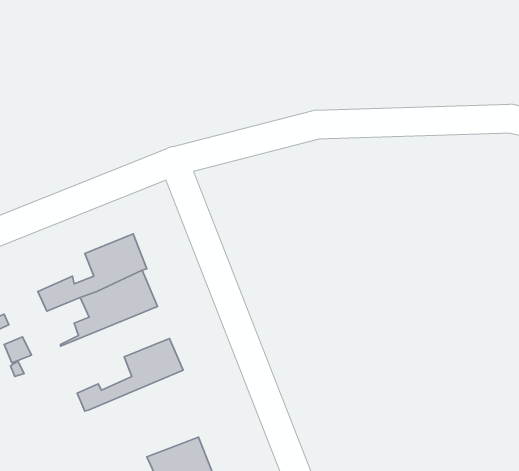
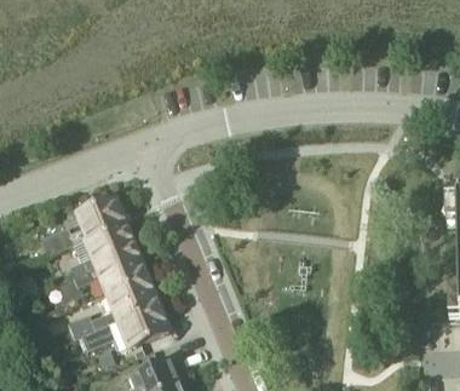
building: none -> [61,251,148,295]
building: none -> [84,301,169,347]

